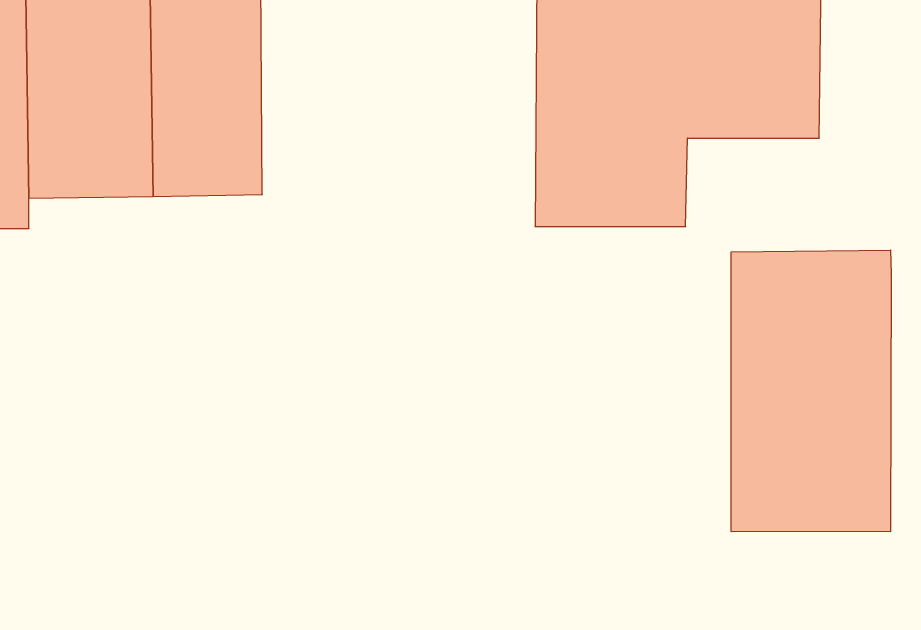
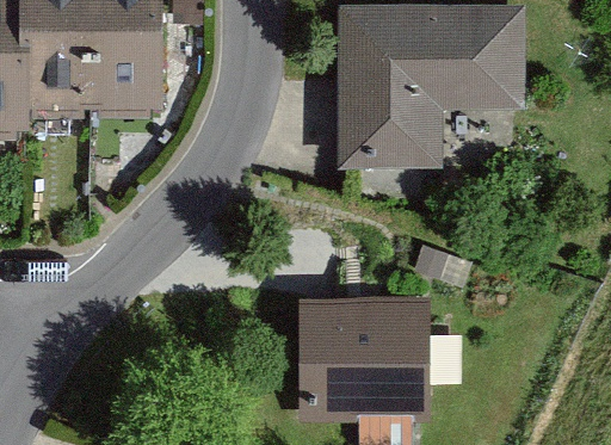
building: [731,250,891,532] -> none
building: none -> [296,302,421,404]

